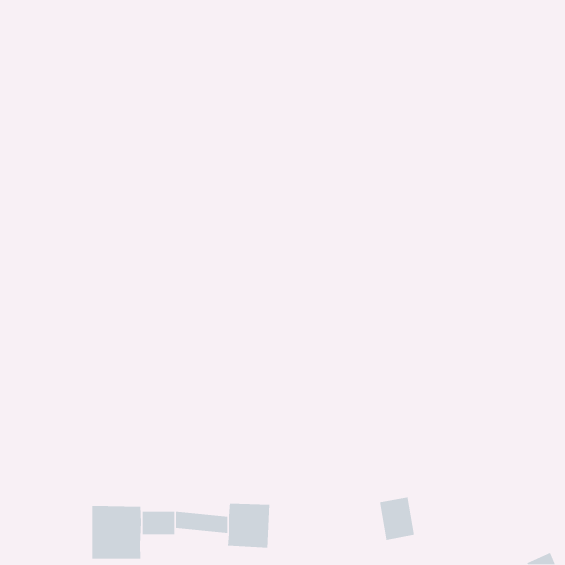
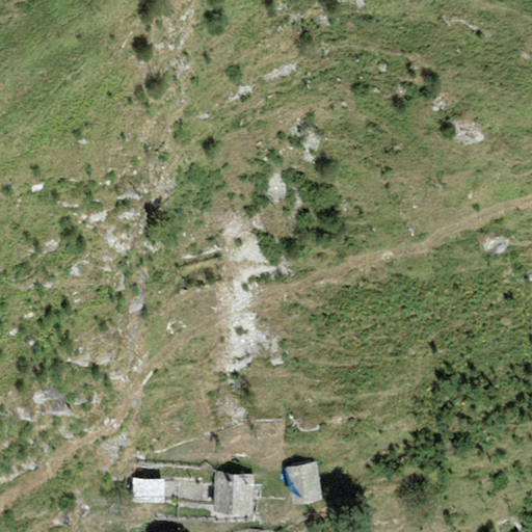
building: [379,496,415,541] -> [288,462,321,504]
building: [91,505,142,560] -> none

